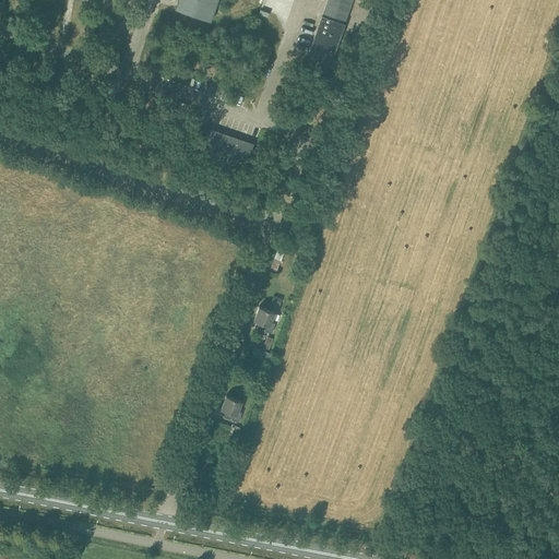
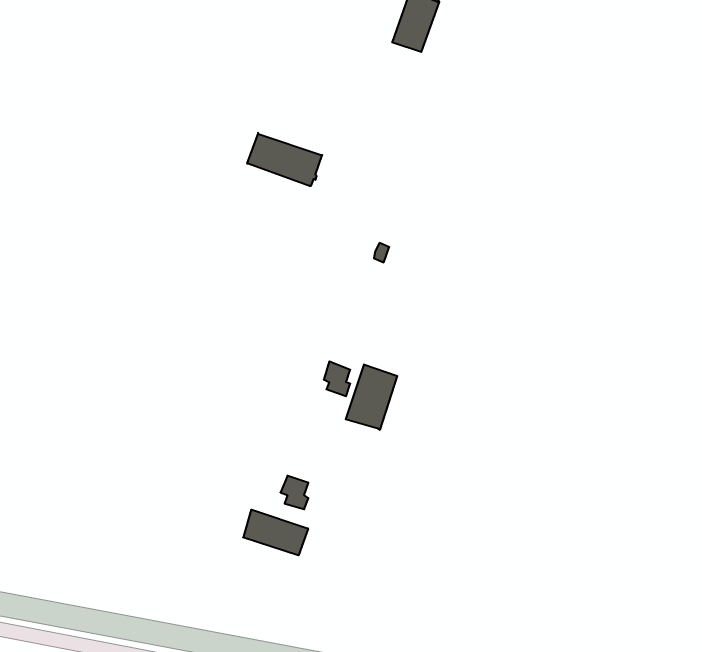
building: none -> [346,364,397,430]
building: none -> [243,510,308,555]

